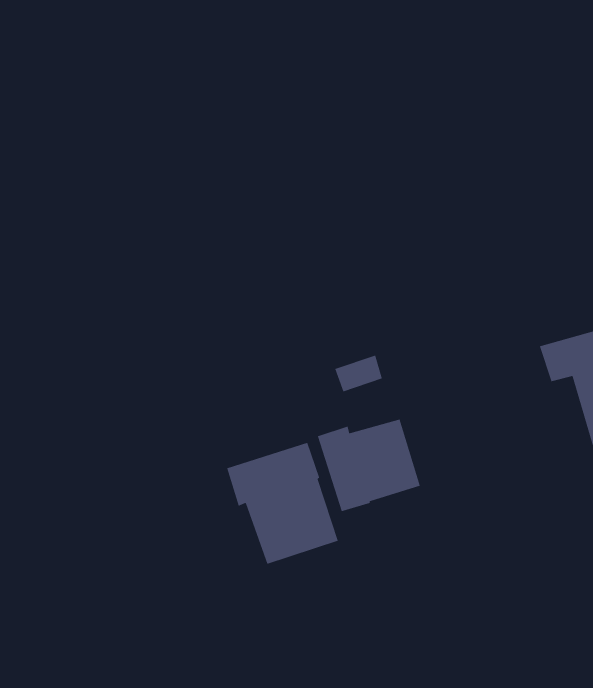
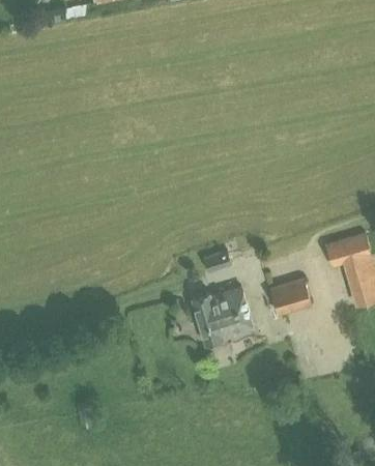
building: none -> [269,278,311,314]
building: [226,442,339,565] -> none

